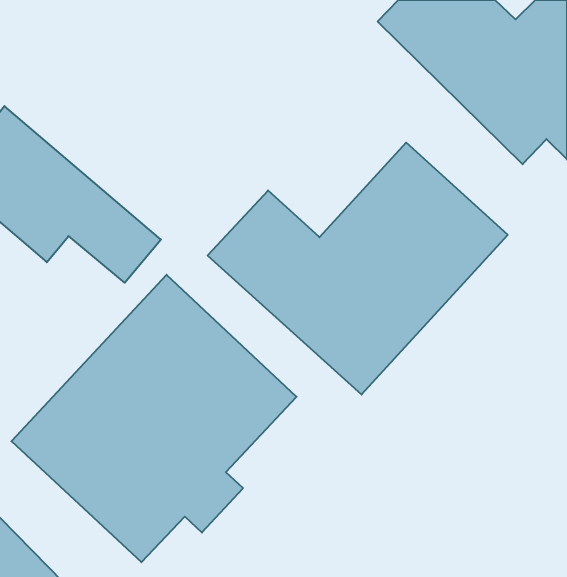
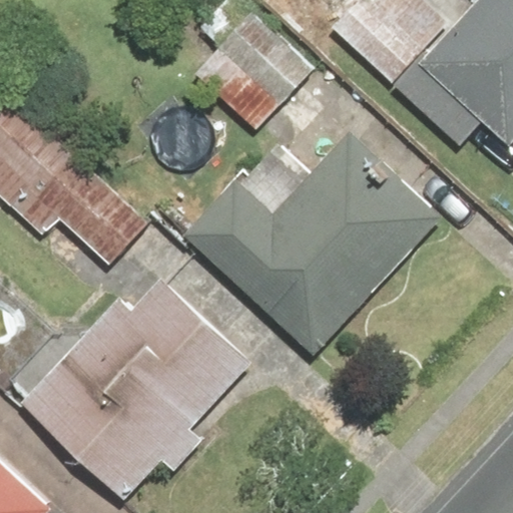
building: none -> [185,11,309,134]

